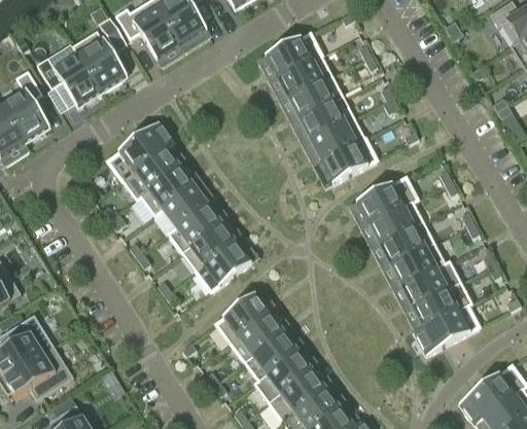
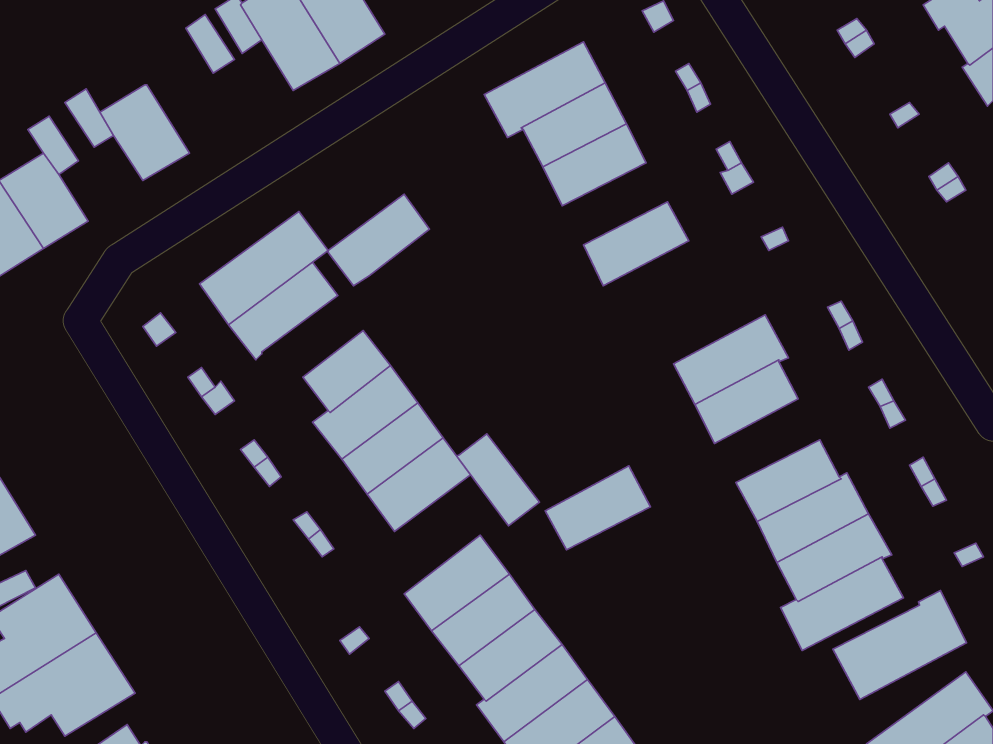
building: [72,31,126,92] -> none
building: [298,97,354,140] -> none
building: [320,138,377,183] -> none
building: [140,167,194,215] -> [328,194,430,286]
building: [379,221,434,265] -> [545,466,650,550]
building: none -> [457,434,539,526]
building: none -> [833,590,966,700]

